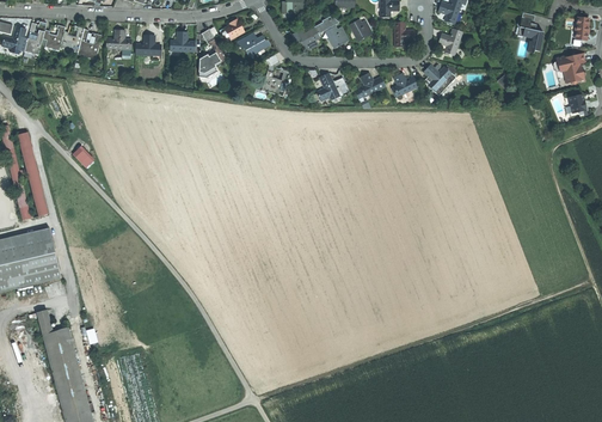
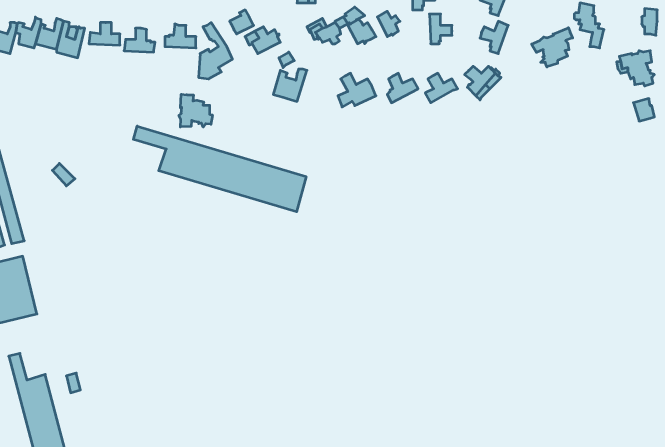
building: none -> [532,28,573,67]
building: none -> [179,94,212,127]
building: none -> [133,126,306,212]

